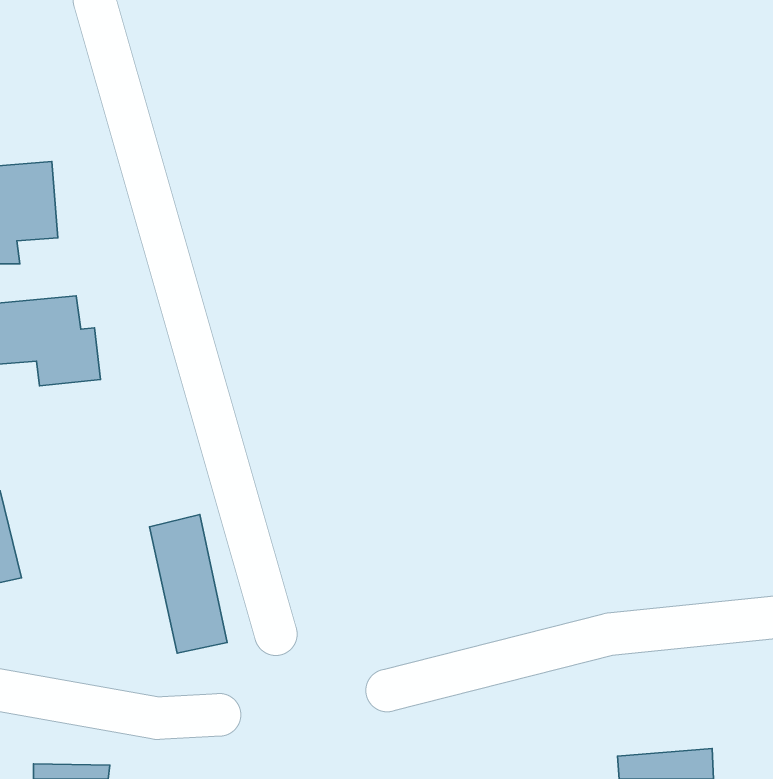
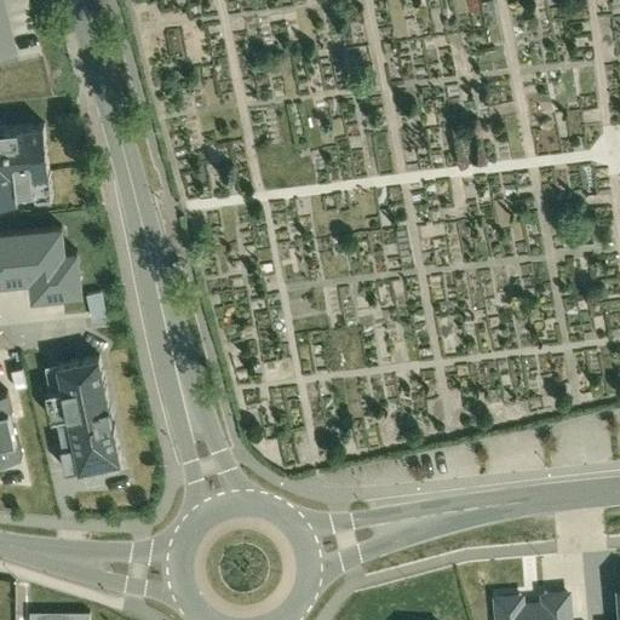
building: [150,515,227,653] -> [57,367,119,477]

